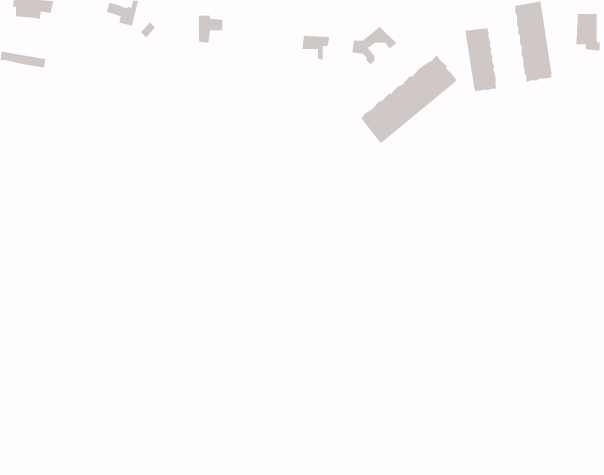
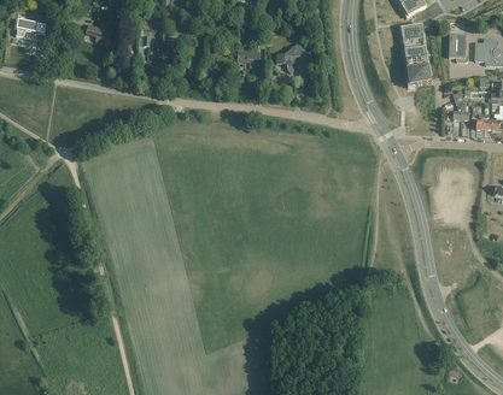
building: [465,27,497,92] -> none
building: [360,54,457,144] -> none

